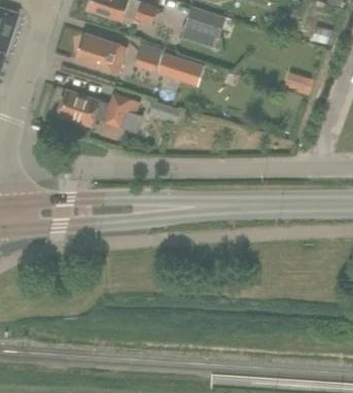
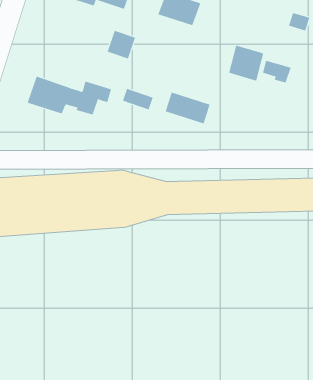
building: [75,32,127,73] -> none
building: [160,54,204,85] -> [165,92,210,124]
building: none -> [228,45,264,81]

